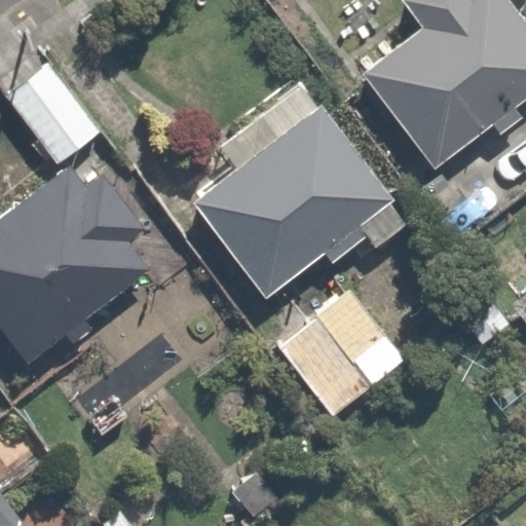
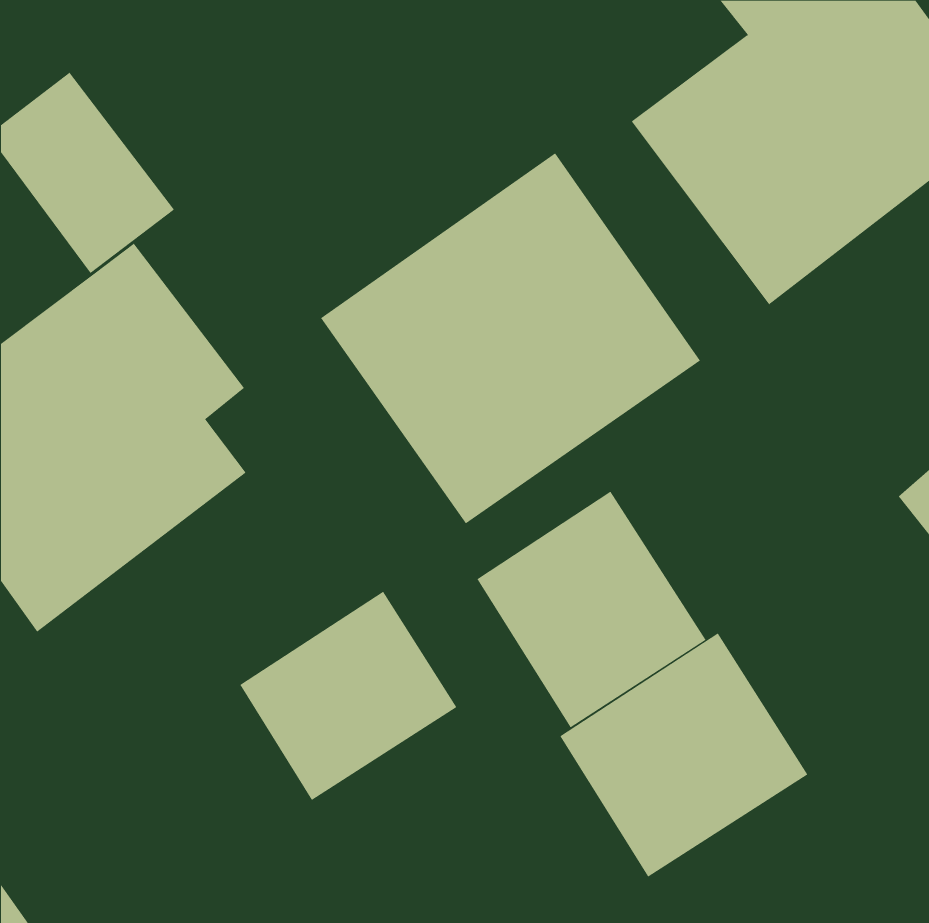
building: none -> [239,591,457,801]
building: none -> [559,632,808,878]

